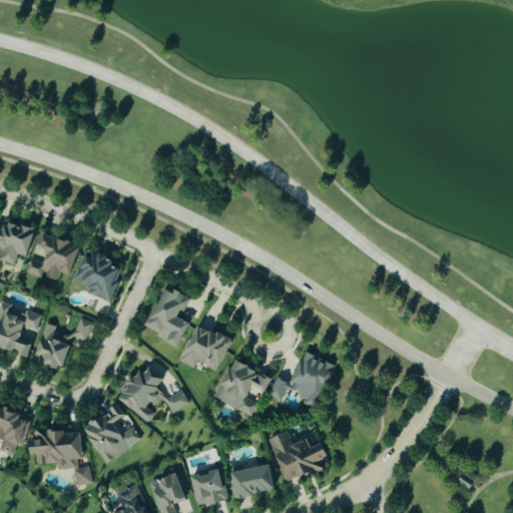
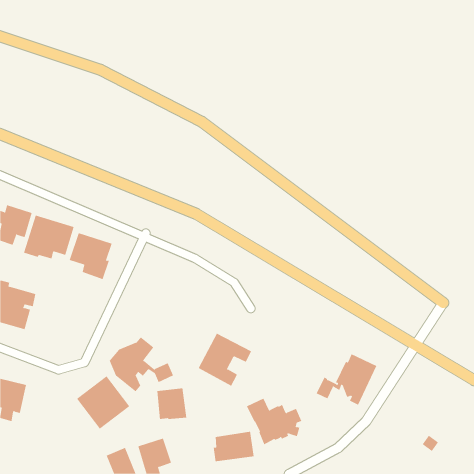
building: [146,286,190,348] -> none
building: [33,318,91,369] -> none
building: [179,324,231,371] -> none
building: [266,350,332,406] -> [316,354,377,406]
building: [30,429,91,485] -> none
building: [192,470,225,504] -> [156,388,187,420]

